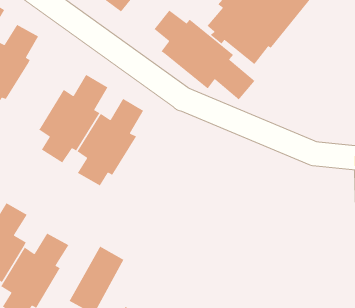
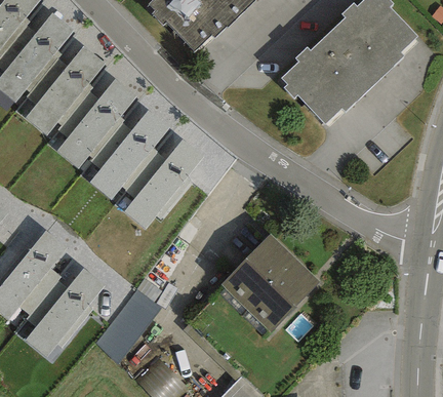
building: [153,9,255,100] -> none
building: none -> [56,78,135,168]
building: none -> [220,234,320,332]

